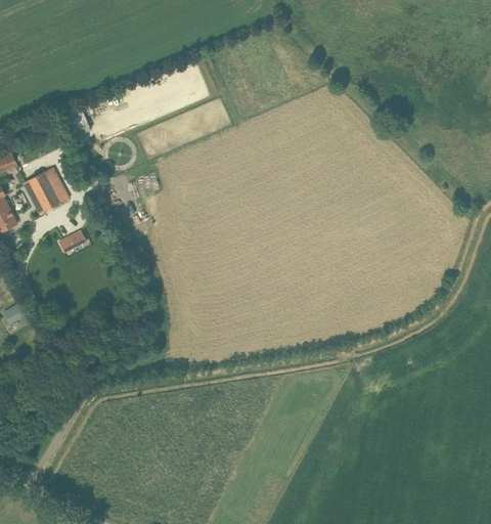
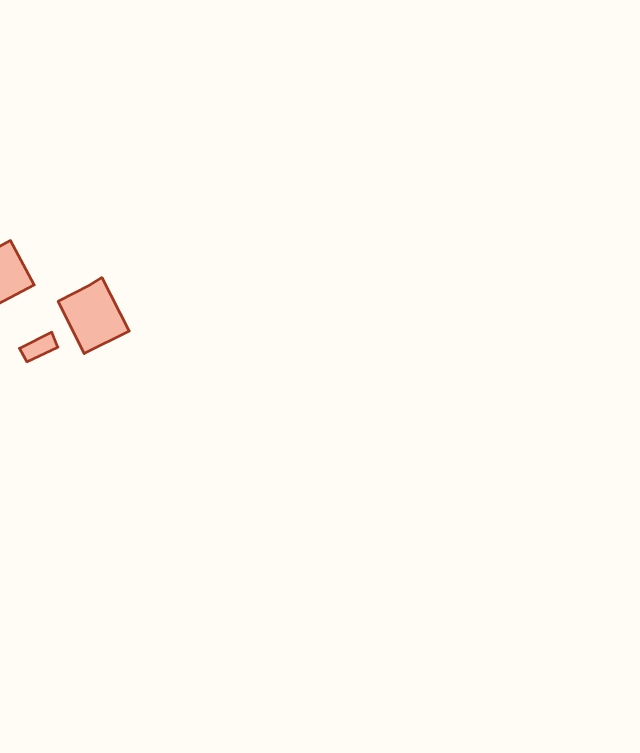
building: none -> [58,278,129,354]

